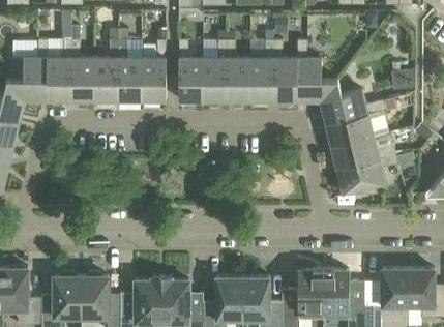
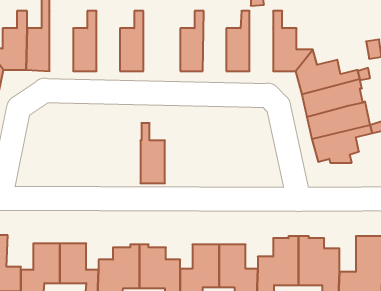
building: [70,40,94,101] -> none
building: [118,40,142,101] -> none
building: [178,40,203,101] -> [140,123,165,183]
building: [226,40,249,101] -> none
building: [273,40,297,101] -> none

